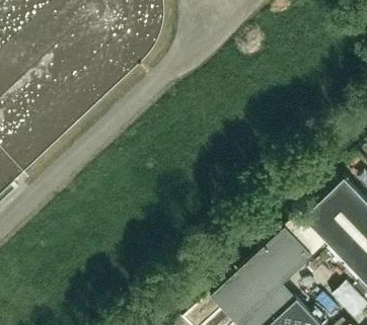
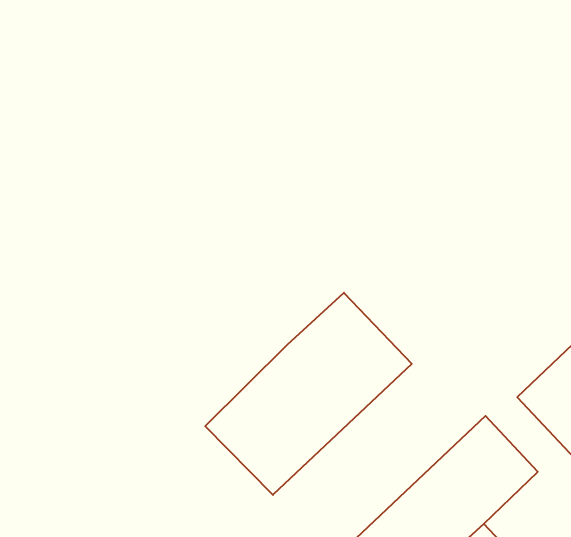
building: none -> [205,293,412,495]

